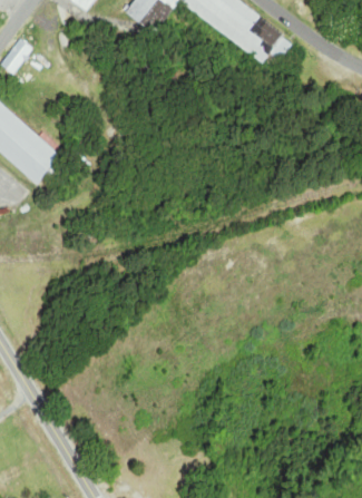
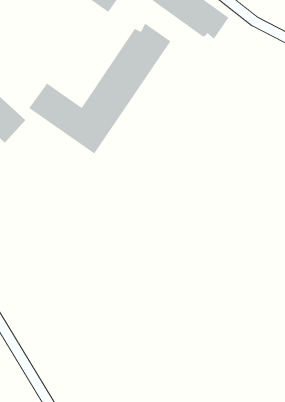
building: none -> [28,23,171,154]

